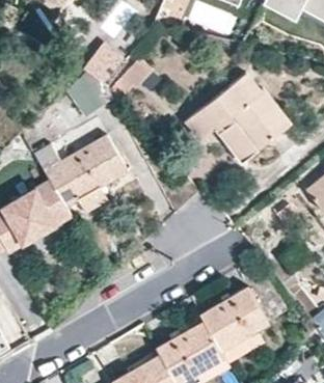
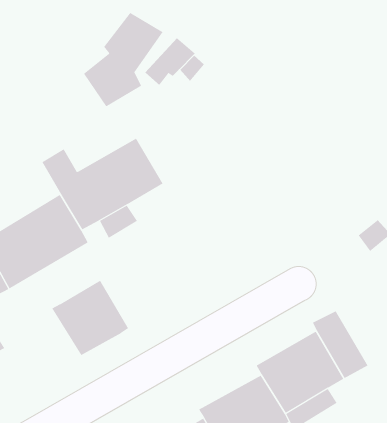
building: [184,73,291,162] -> none
building: none -> [52,280,129,356]

